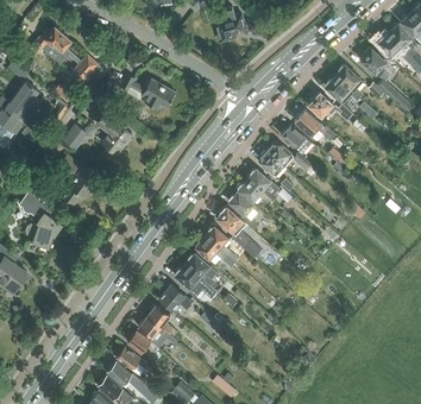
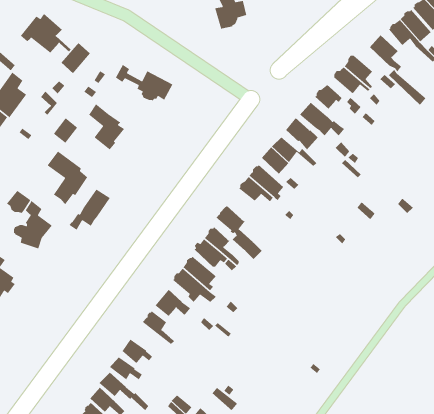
building: none -> [69,188,111,231]
building: [228,190,260,231] -> none
building: [138,315,178,348] -> none

